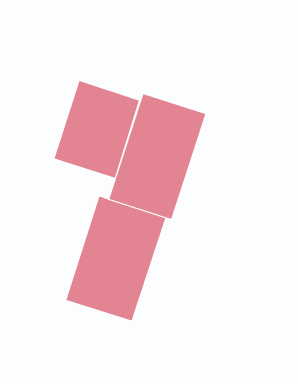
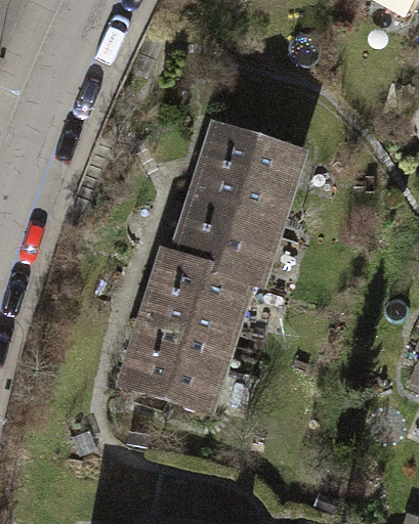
building: [54,80,140,179] -> none

